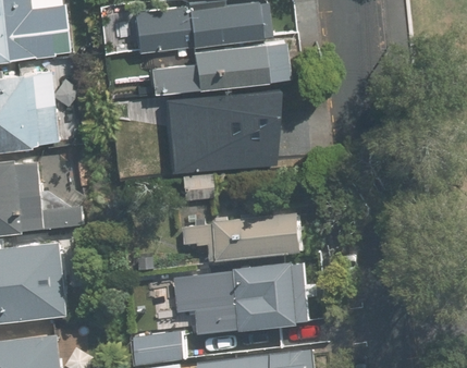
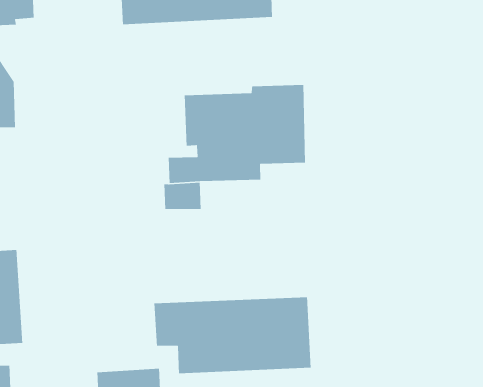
building: [145,42,282,91] -> none
building: [180,214,304,265] -> none

